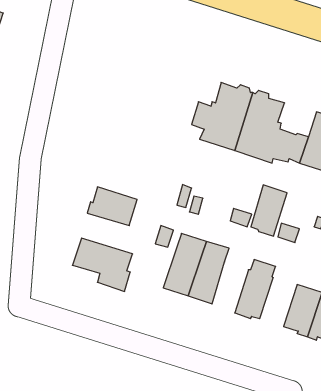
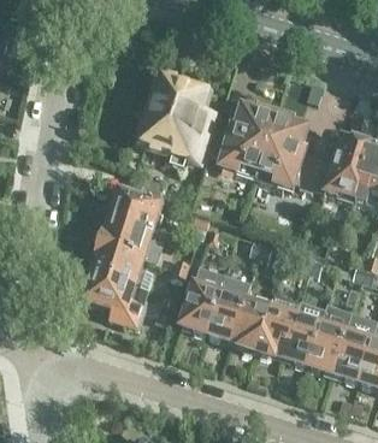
building: none -> [140,77,214,161]
building: none -> [108,188,173,229]
building: [251,185,287,236] -> [230,295,268,349]
building: none -> [91,243,152,287]
building: none -> [280,312,320,364]

